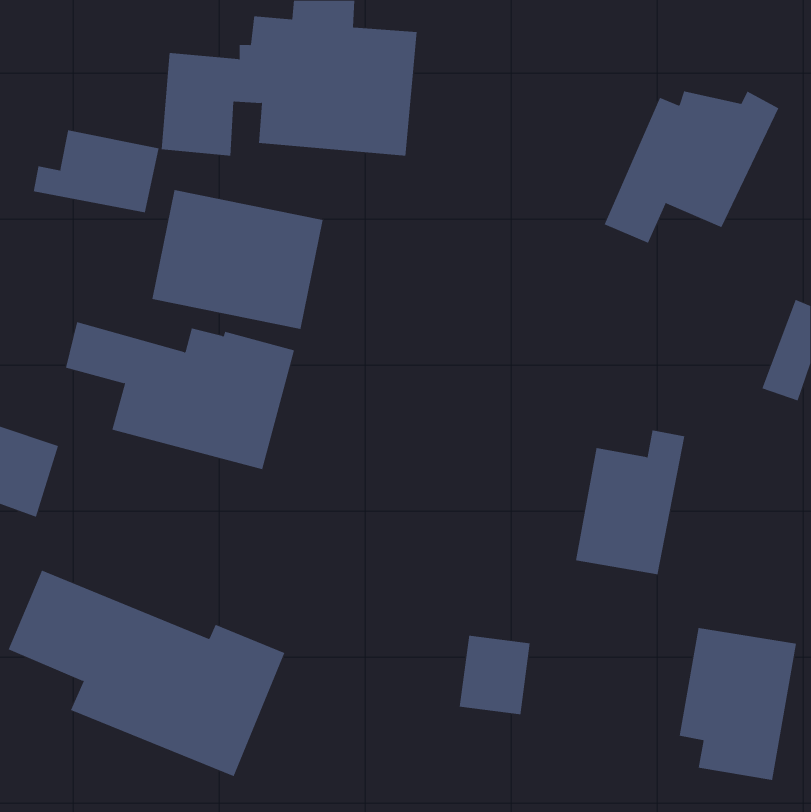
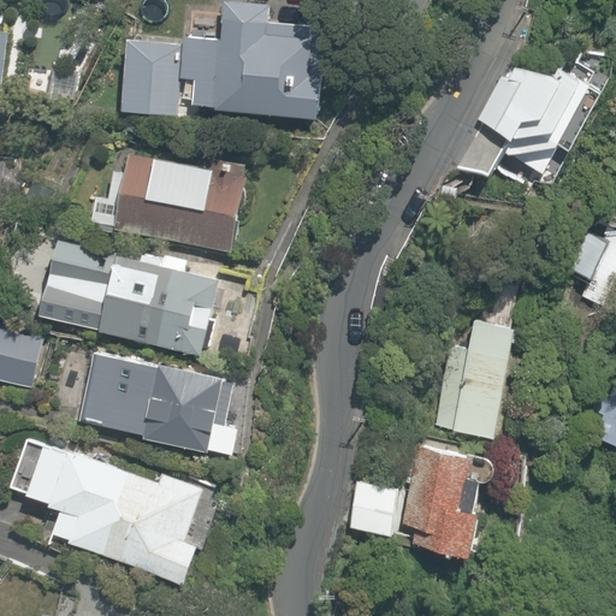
building: [33,130,159,213] -> none
building: none -> [72,349,235,461]
building: [679,628,797,780] -> [399,444,488,559]

